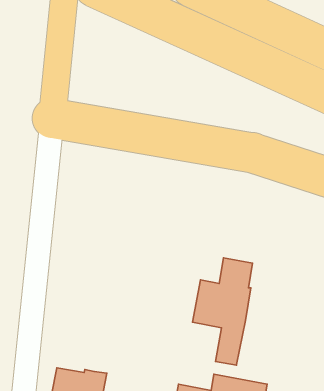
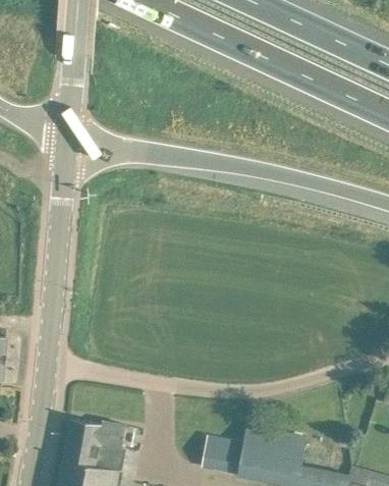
building: [193,258,253,365] -> none

